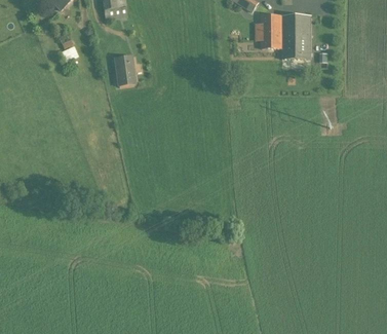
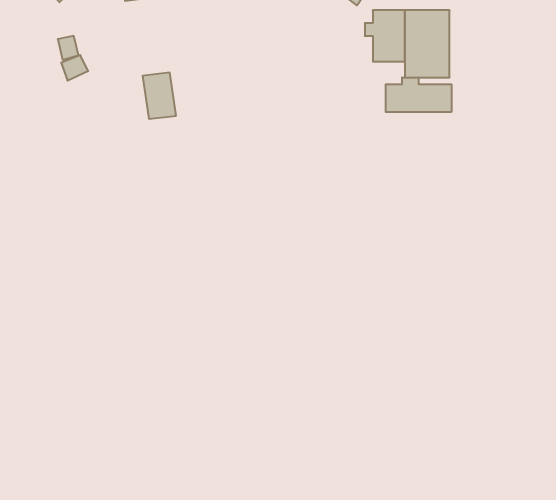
building: none -> [386,77,451,112]

